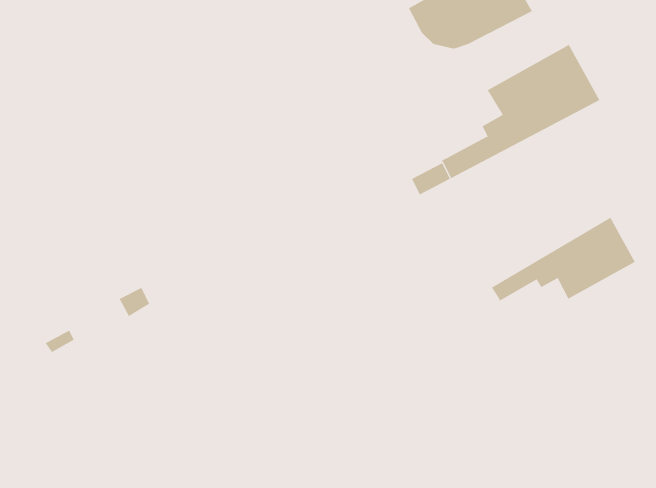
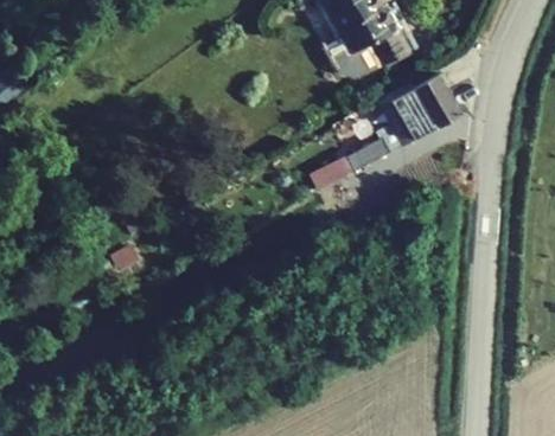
building: [491,217,636,302] -> none

